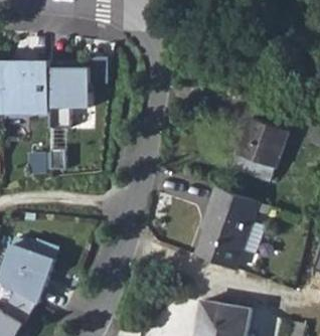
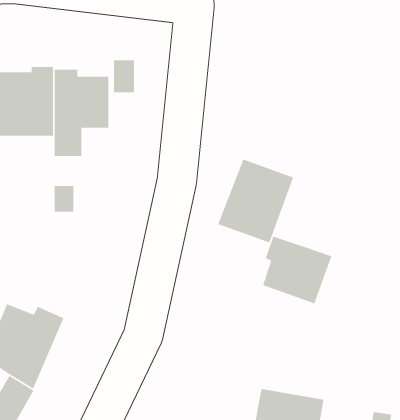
building: [230,119,288,182] -> [217,158,294,244]
building: [193,224,244,269] -> none

